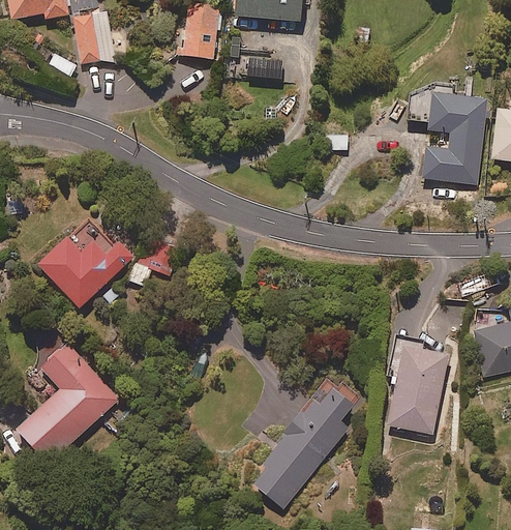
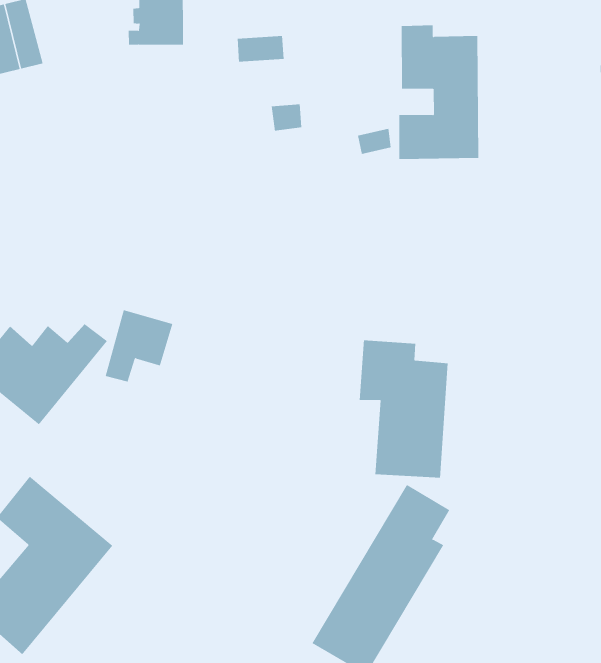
building: [422,85,488,183] -> [398,25,479,160]
building: [384,330,449,433] -> [359,340,449,478]

